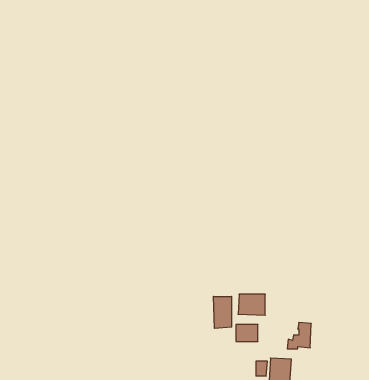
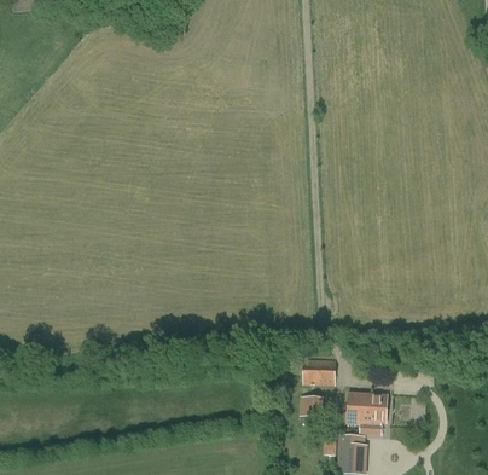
building: [213,296,232,328] -> none
building: none -> [348,392,374,423]

